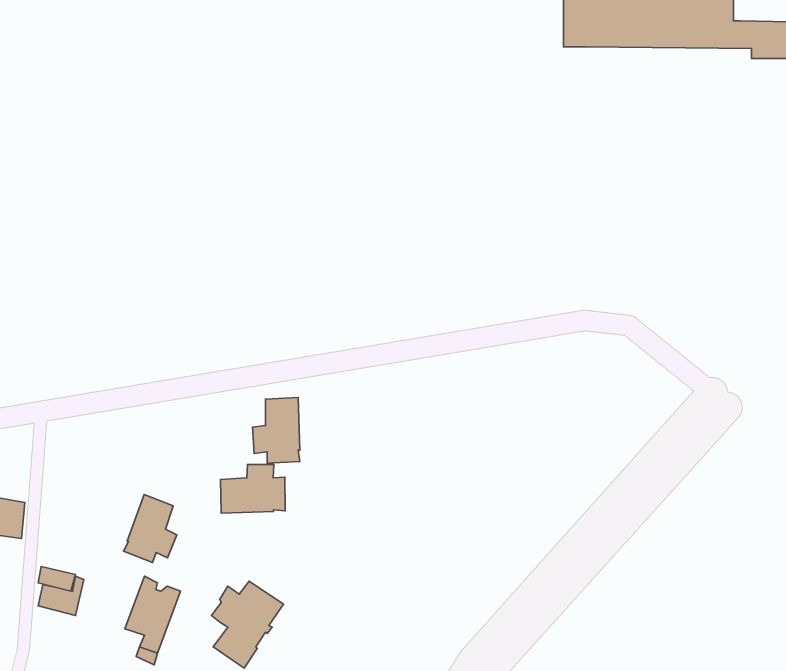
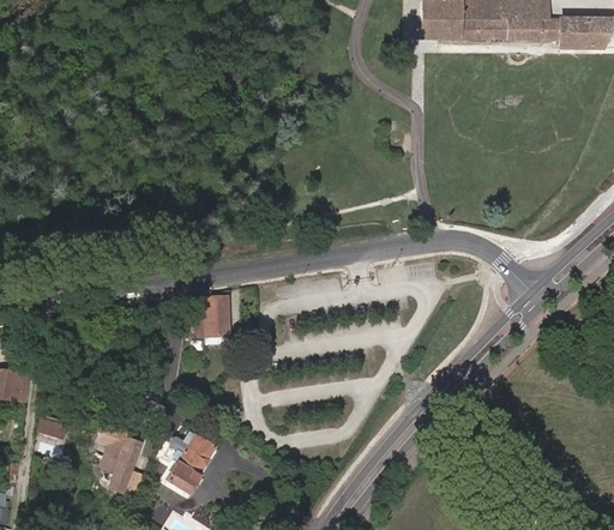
building: [221,465,285,513] -> none
building: [124,494,177,563] -> none

